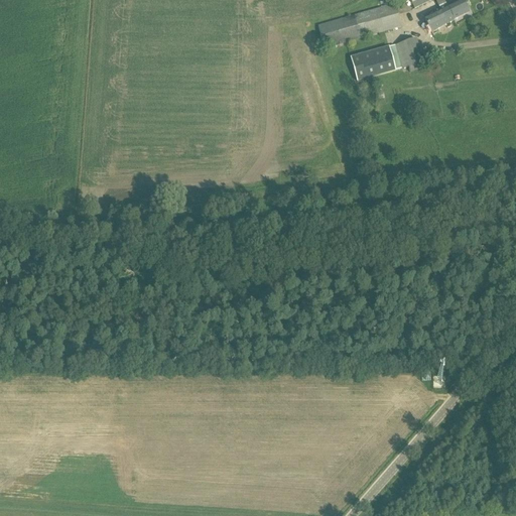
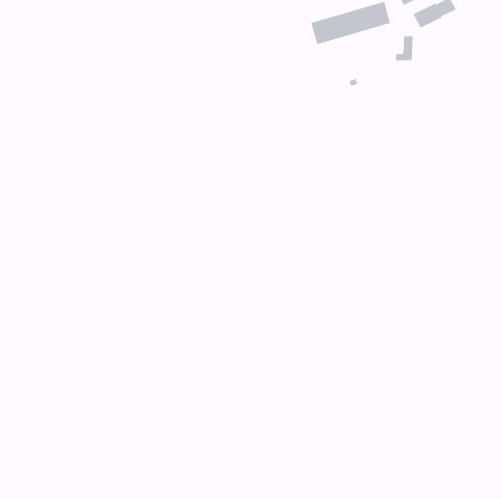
building: [350,44,395,79] -> none

